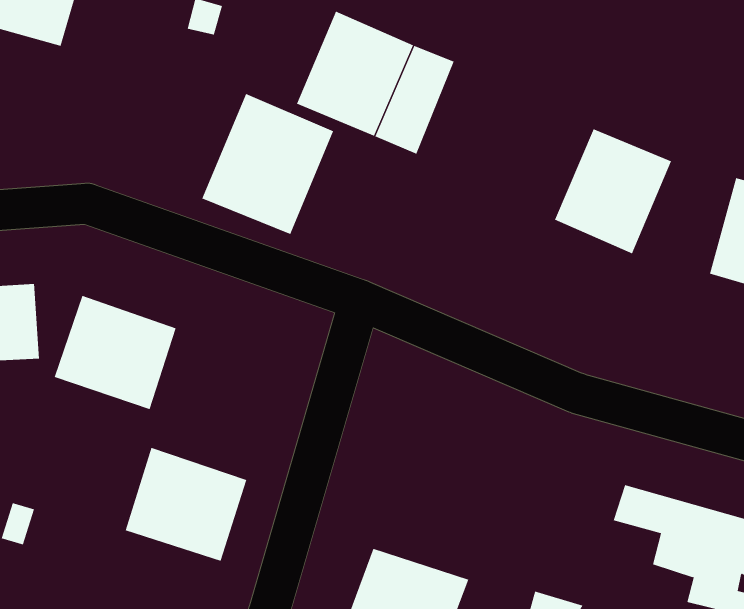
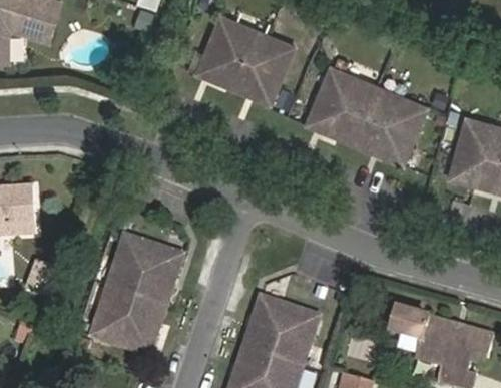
building: [202,93,334,235] -> none
building: none -> [306,68,378,145]
building: [54,295,176,410] -> [106,235,181,305]
building: none -> [242,296,319,366]

